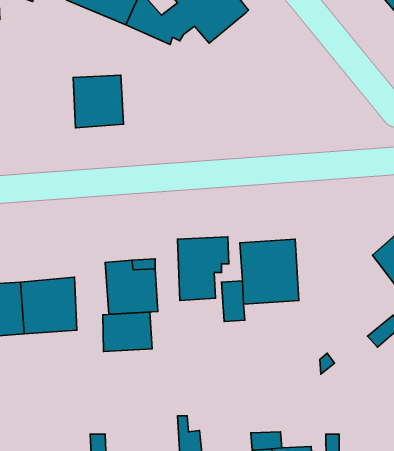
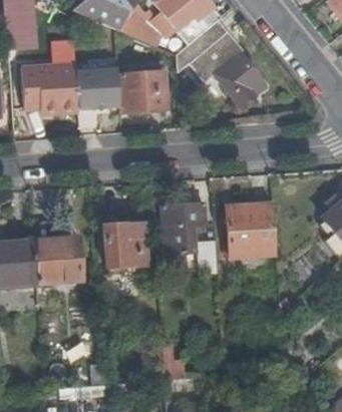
building: none -> [178,20,268,107]
building: none -> [23,63,80,115]
building: none -> [123,72,167,109]
building: [103,312,152,352] -> none

